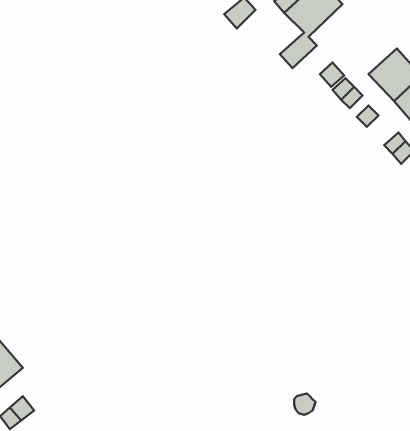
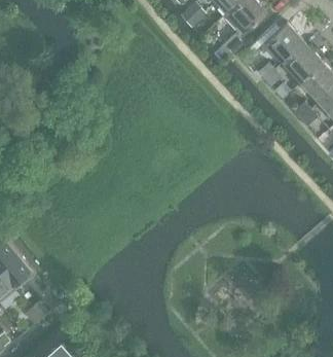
building: none -> [265,23,304,62]

